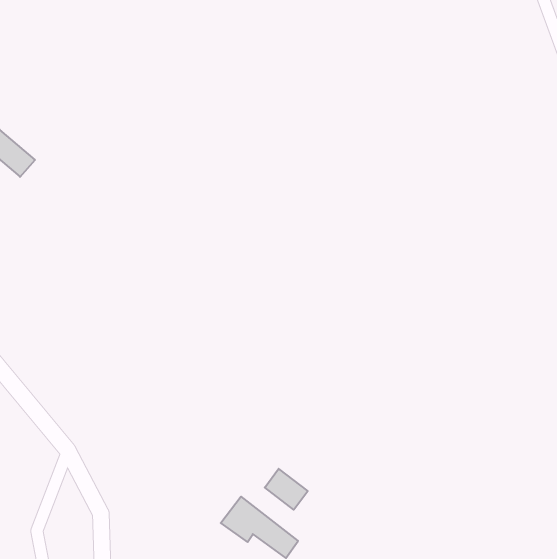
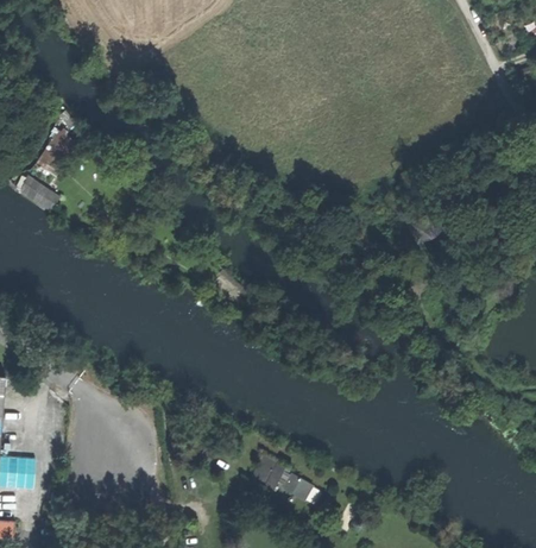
building: [265,469,308,510] -> none

